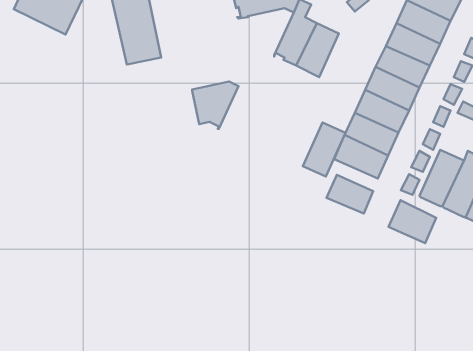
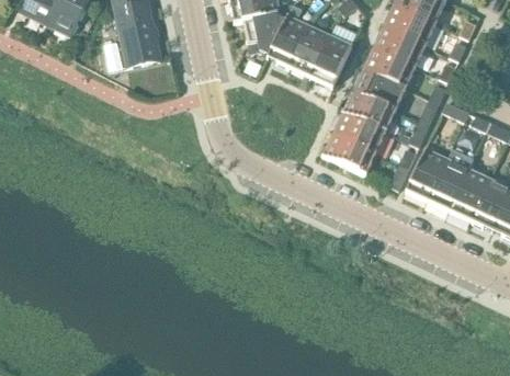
building: [192,82,238,129] -> [242,12,286,57]
building: [303,122,345,177] -> [310,36,351,88]
building: [326,175,373,214] -> none
building: [389,200,436,243] -> none

